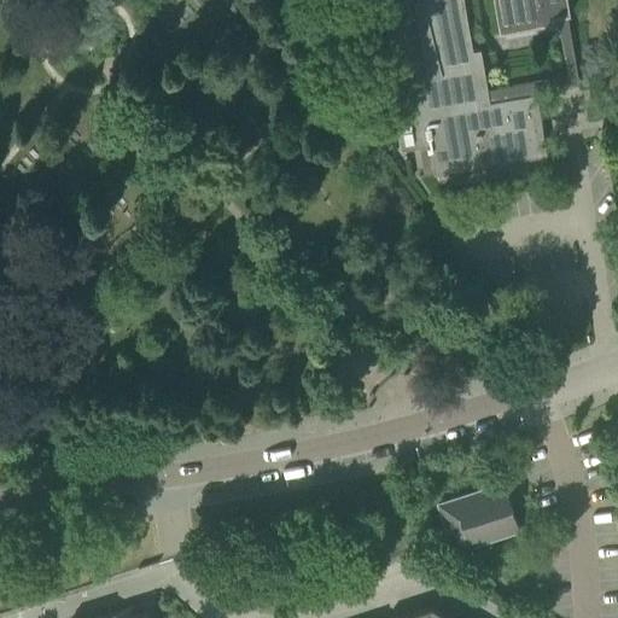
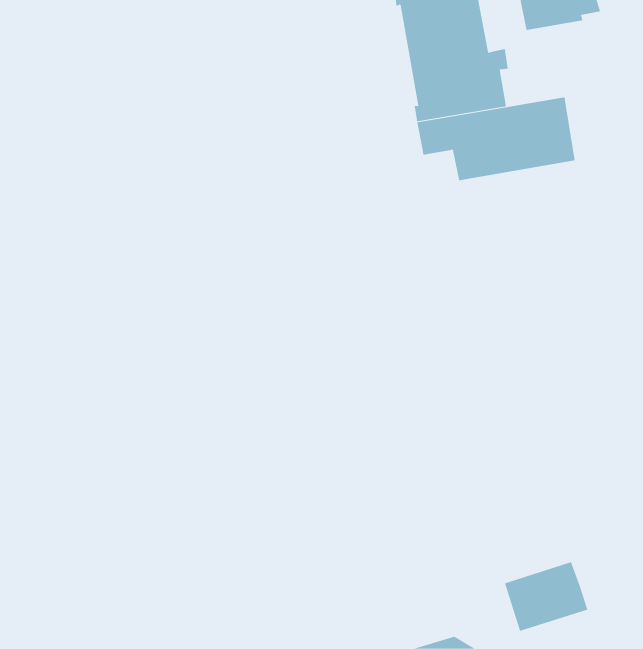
building: [445,482,525,548] -> [504,562,588,632]

